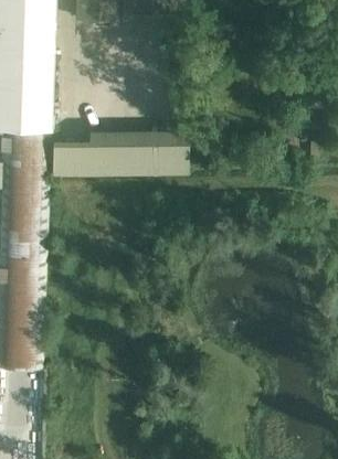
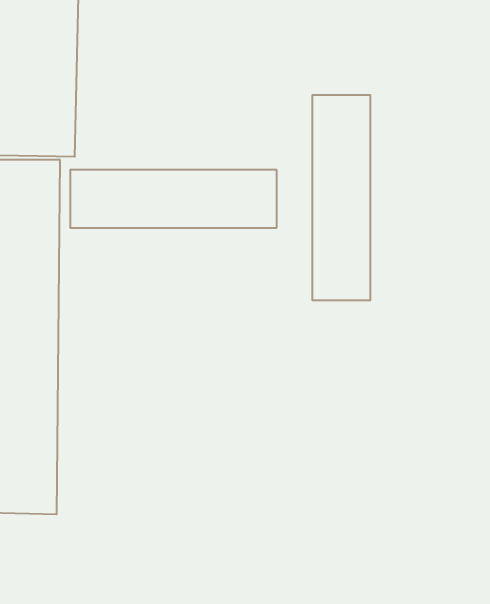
building: none -> [312,95,370,300]

